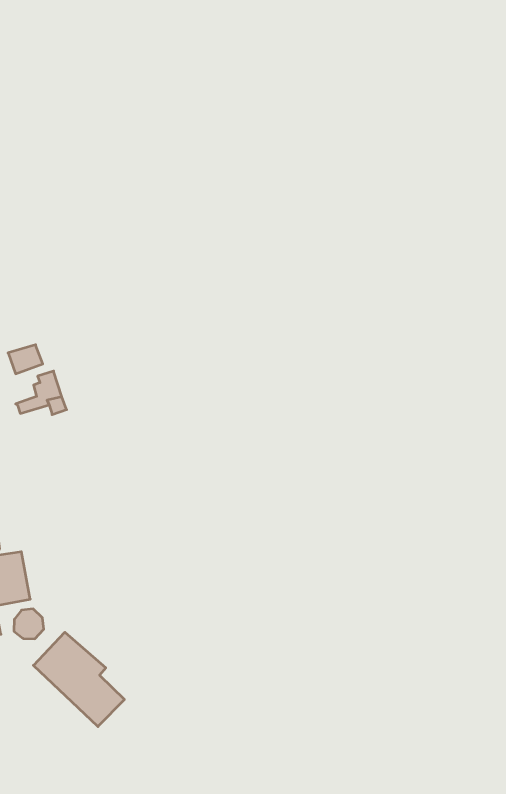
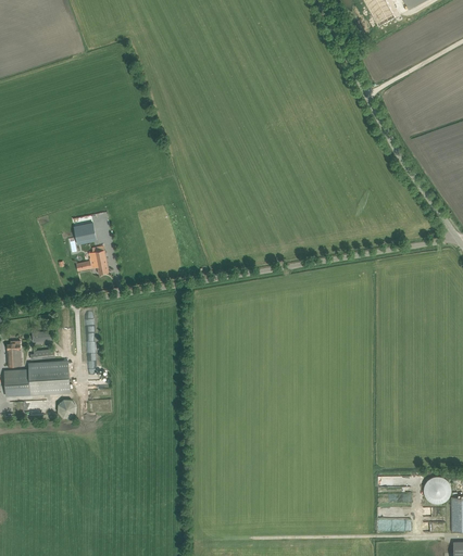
building: [33,632,124,727] -> none

